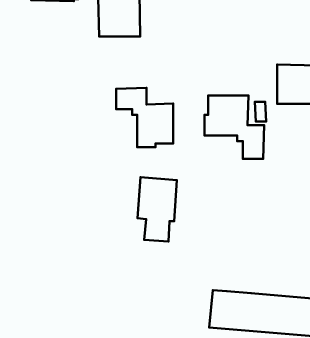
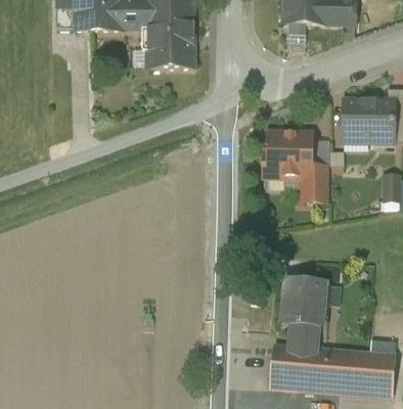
building: [116,88,173,147] -> none
building: [138,177,177,242] -> [281,278,324,349]

